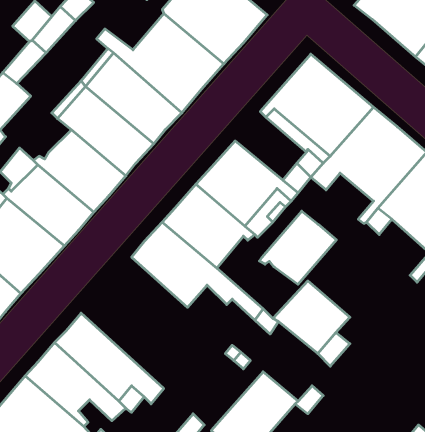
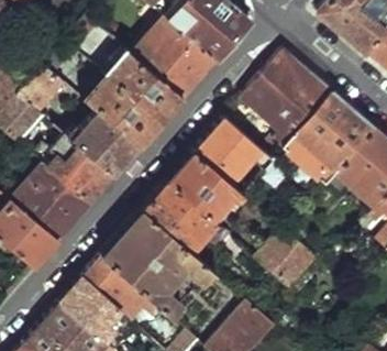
building: [259,211,336,284] -> none
building: none -> [103,210,211,317]

